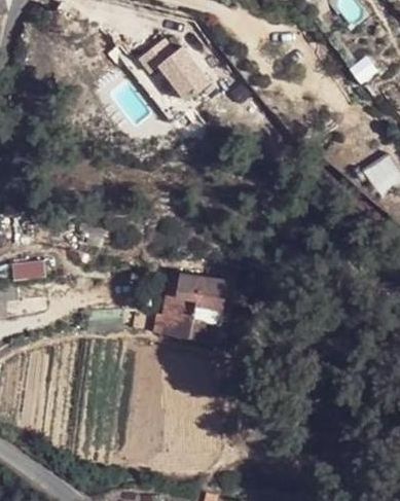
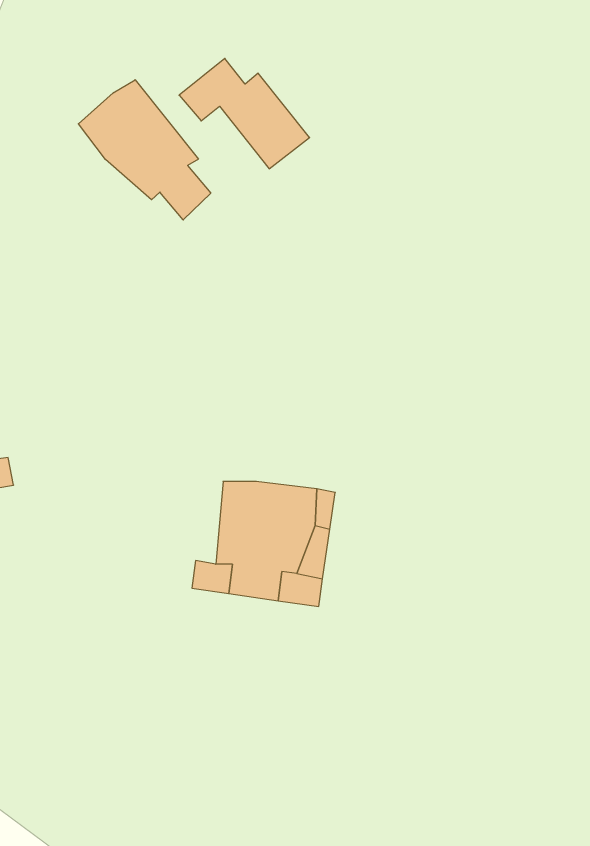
building: none -> [78,80,211,220]

